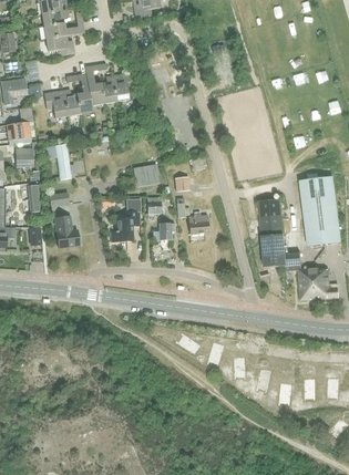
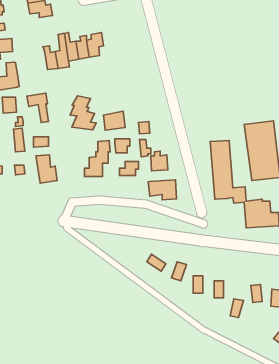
building: [44,89,68,117] -> none
building: none -> [70,96,96,130]
building: none -> [148,180,176,200]

